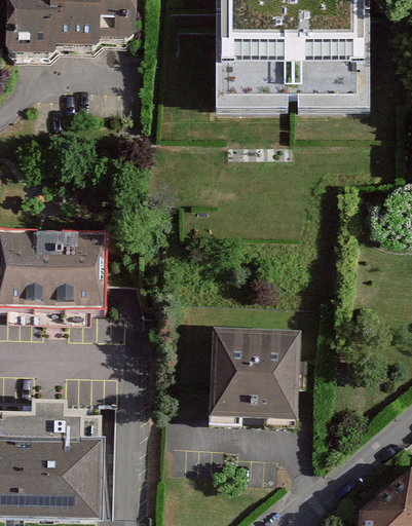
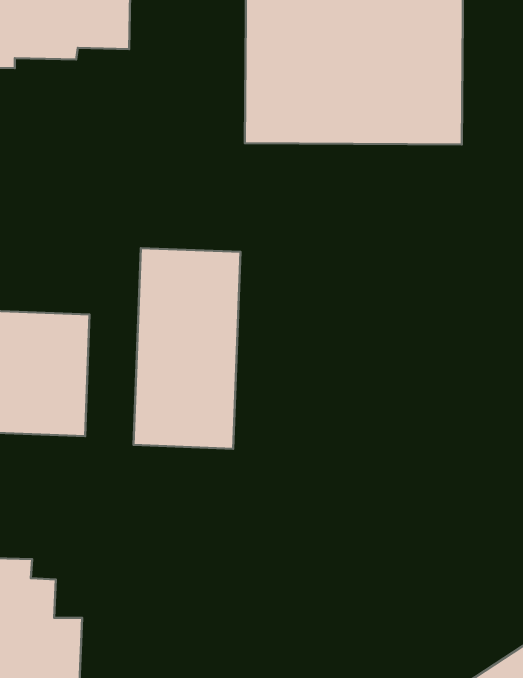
building: none -> [134,248,240,449]
building: [211,327,309,426] -> none

